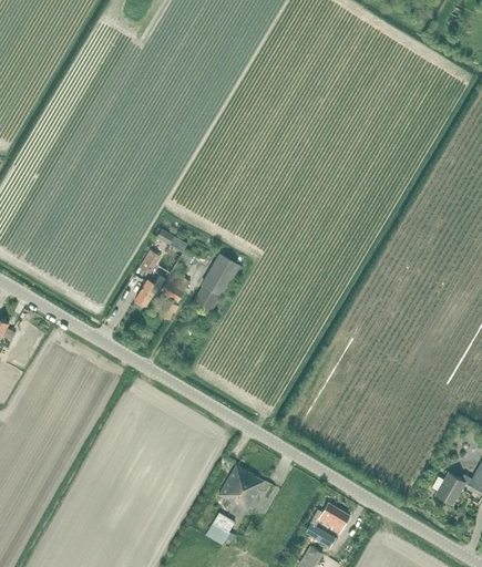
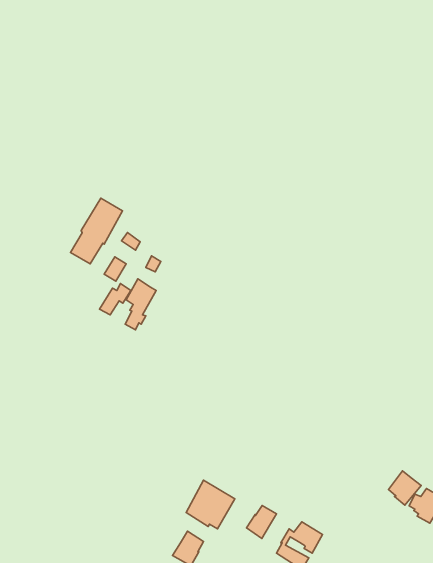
building: [191,254,240,317] -> [71,198,123,264]
building: none -> [389,471,421,505]
building: none -> [246,506,277,538]

